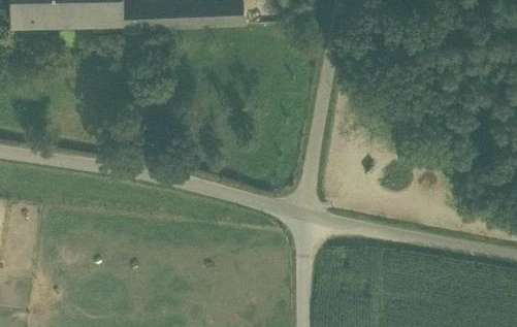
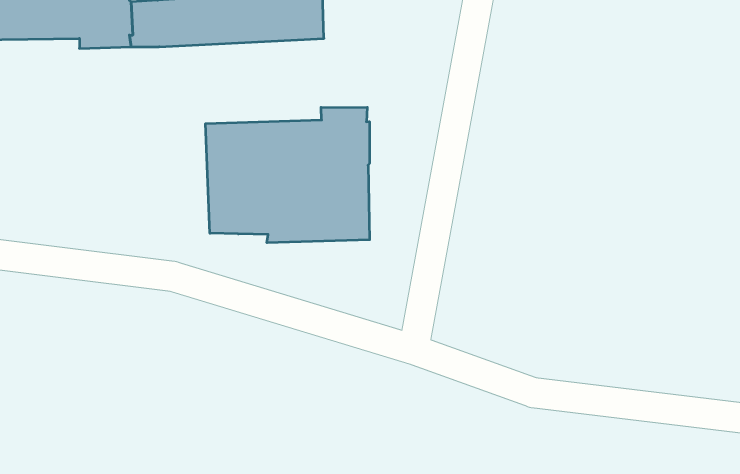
building: none -> [206,107,370,243]

